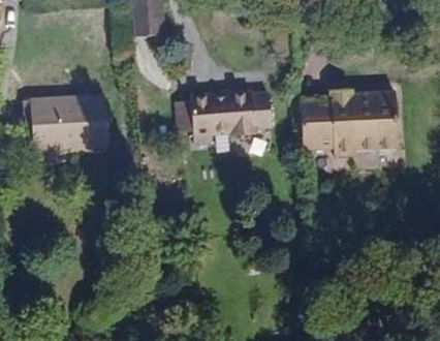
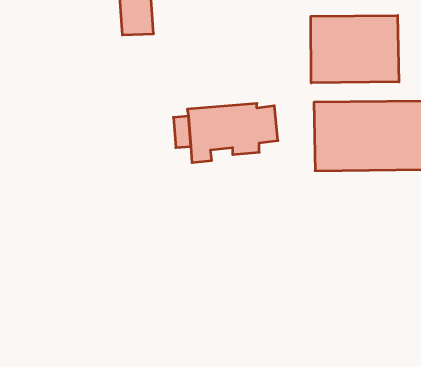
building: none -> [311,15,399,83]
building: [30,94,108,151] -> none

